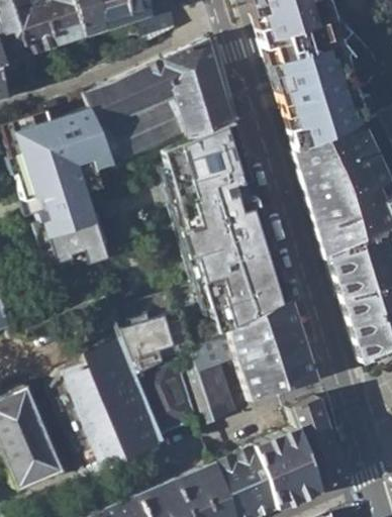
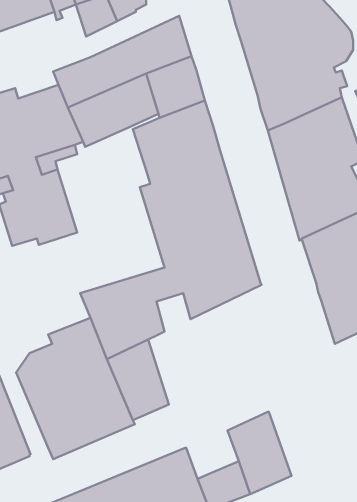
building: [186,299,317,424] -> none
building: [289,397,345,489] -> none
building: [215,444,267,492] -> none

